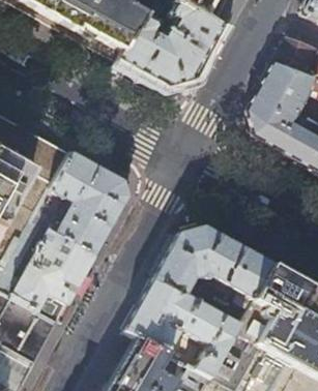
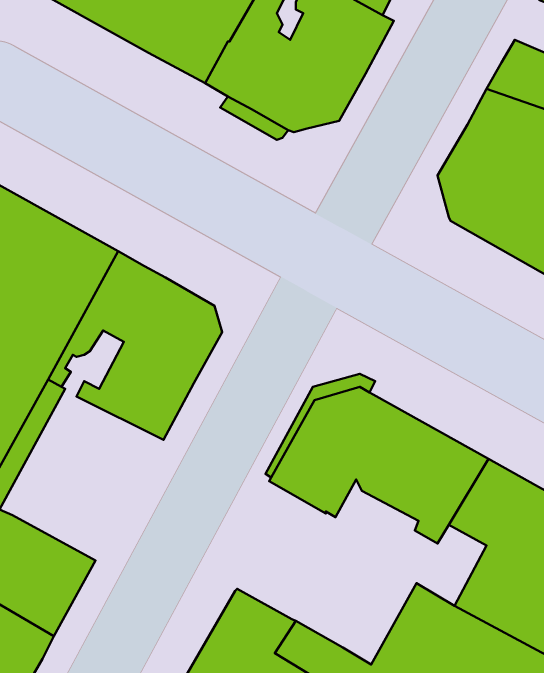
building: [15,232,97,322] -> none
building: [126,278,241,379] -> none

